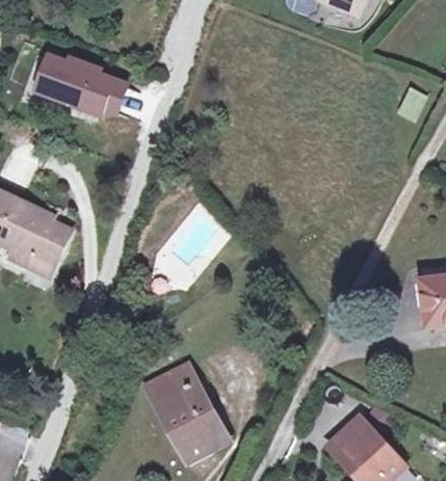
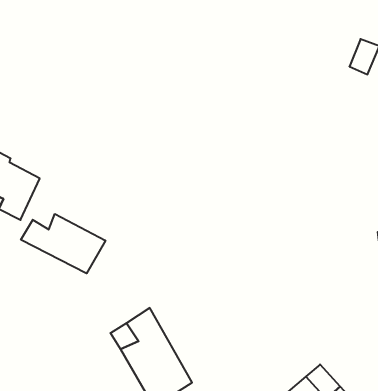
building: [41,59,127,113] -> none
building: none -> [21,214,105,273]

